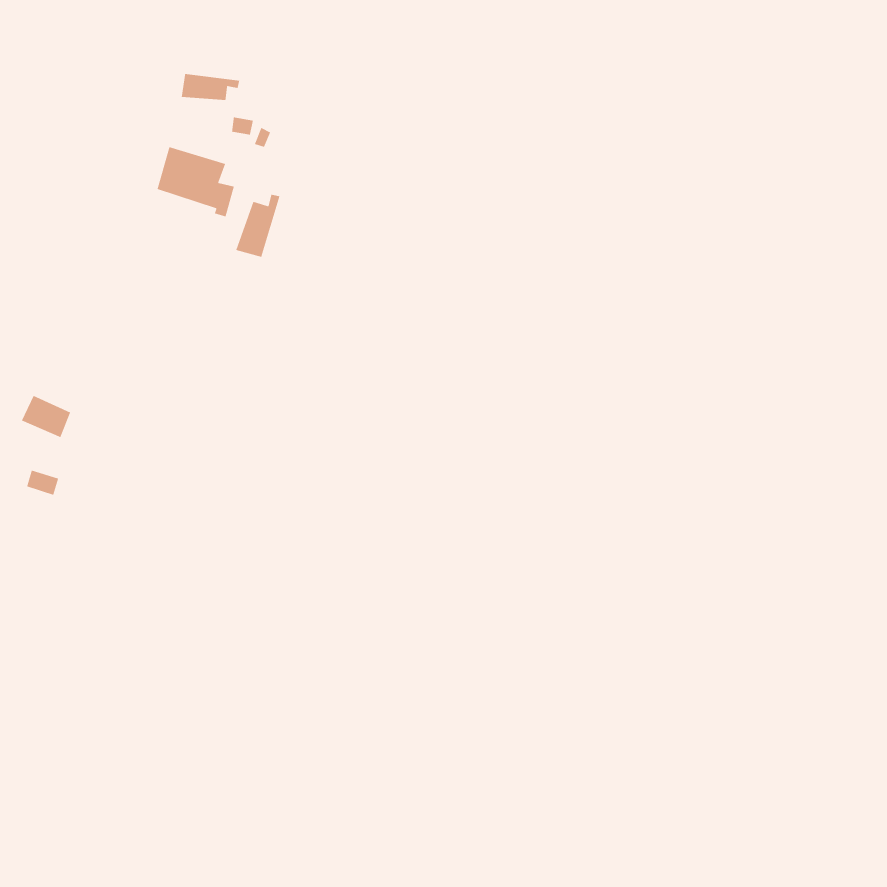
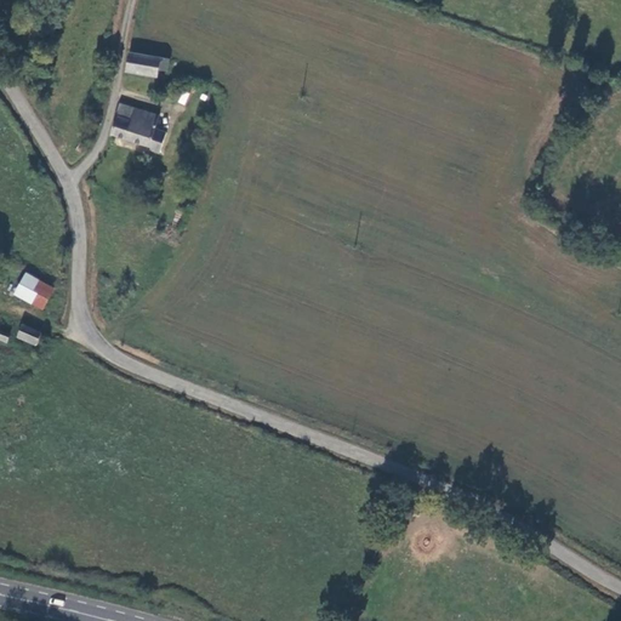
building: [235,194,281,258] -> none

